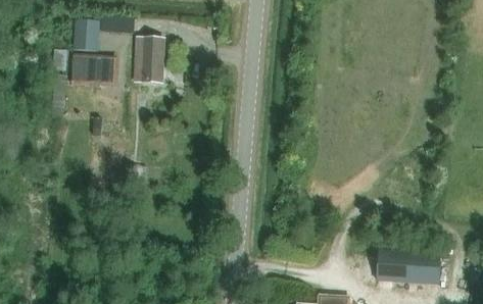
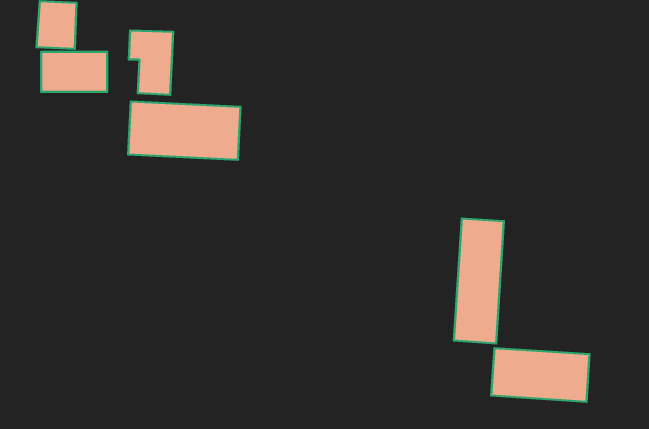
building: none -> [128,102,240,160]
building: none -> [454,218,504,343]

